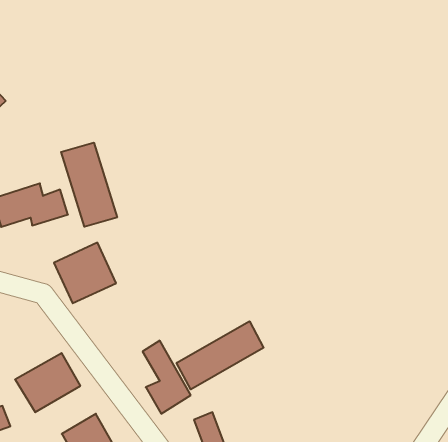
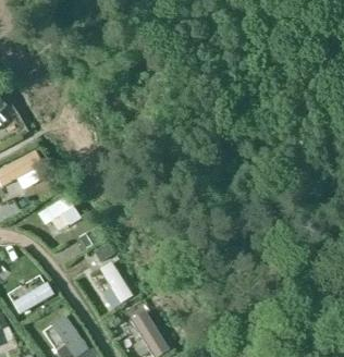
building: [61,143,117,227] -> none
building: [177,321,264,389] -> none

